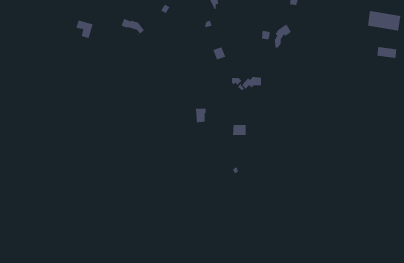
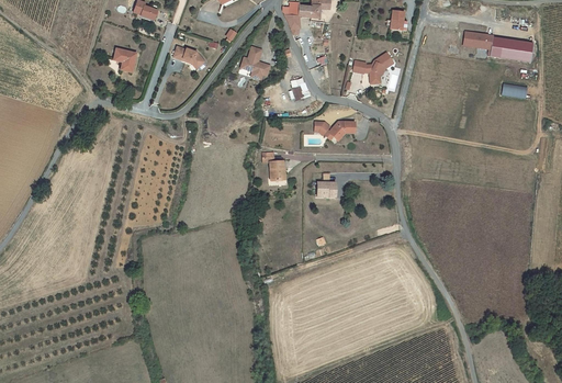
building: none -> [462,31,493,56]
building: none -> [243,47,270,80]

